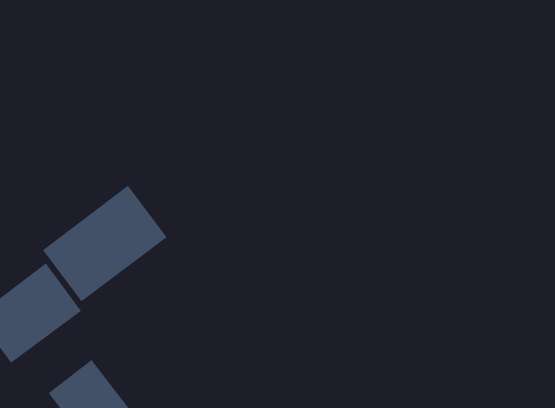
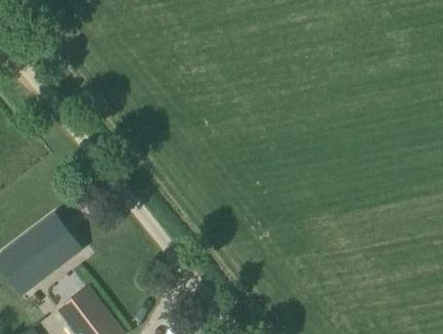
building: [42,185,167,302] -> none

